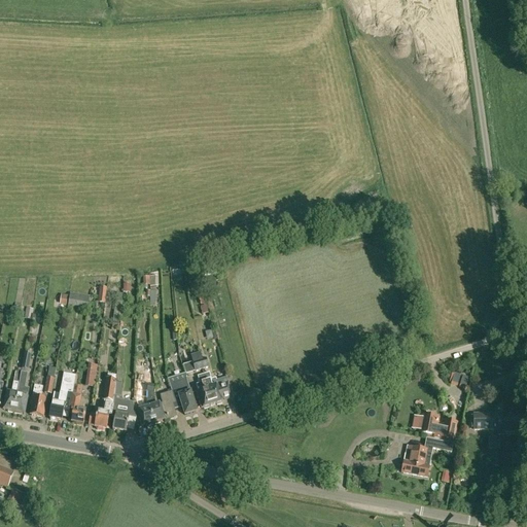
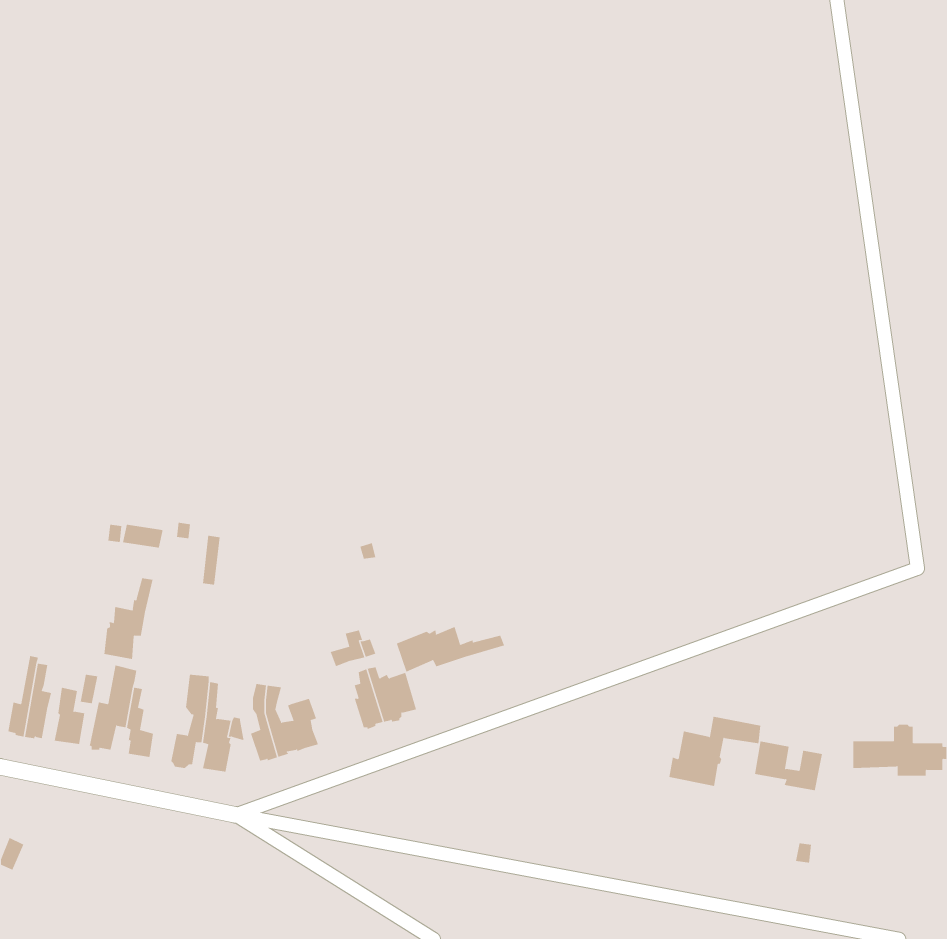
building: none -> [104,577,153,660]
building: none -> [396,626,505,672]
building: [170,377,197,412] -> none
building: [401,435,453,475] -> [668,716,761,787]

